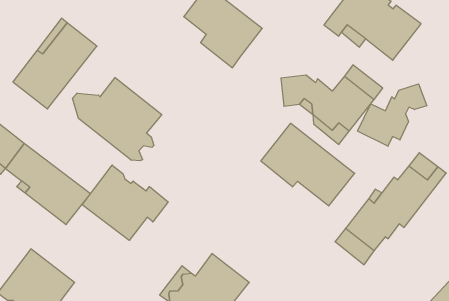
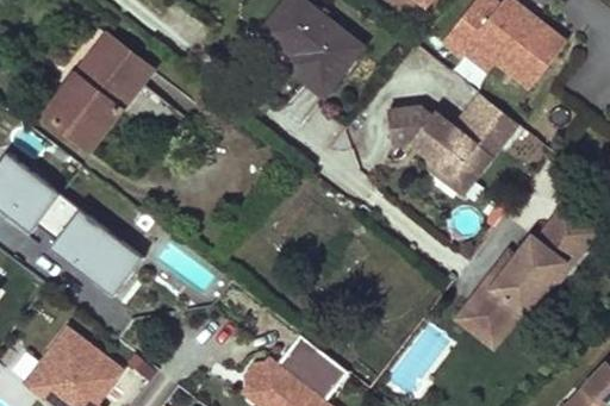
building: [73,78,162,161] -> none
building: [358,84,427,146] -> none
building: [261,123,355,206] -> none
building: [82,165,168,240] -> none

